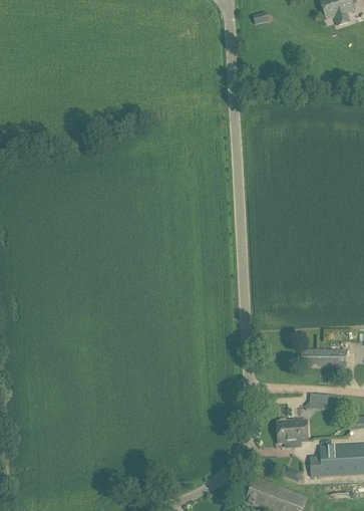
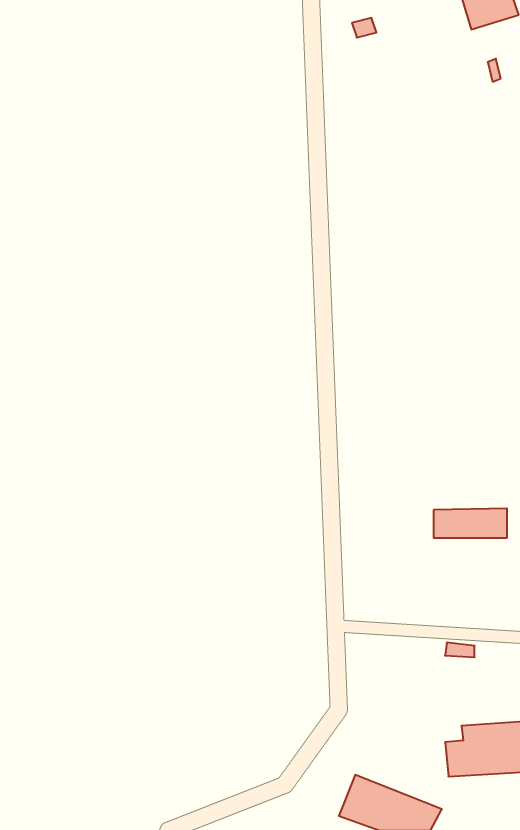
building: [300,347,345,365] -> [434,508,507,538]
building: [276,419,307,448] -> none

